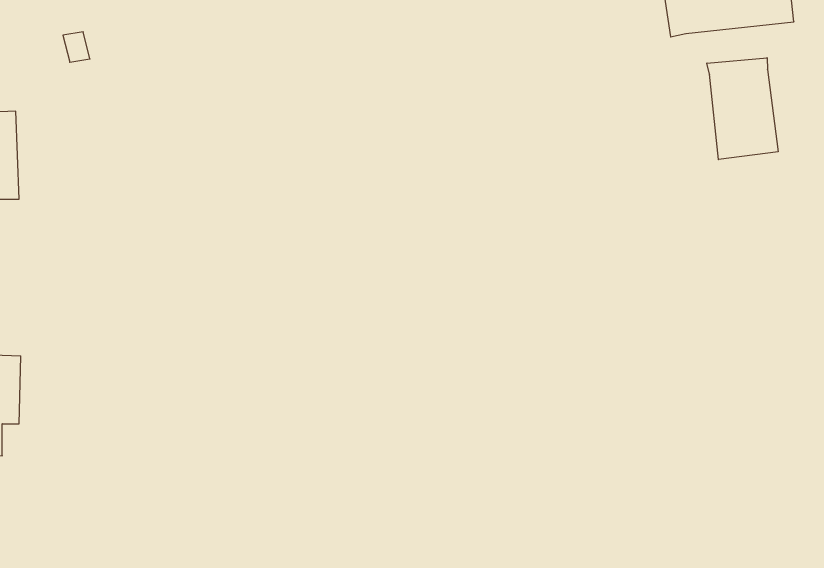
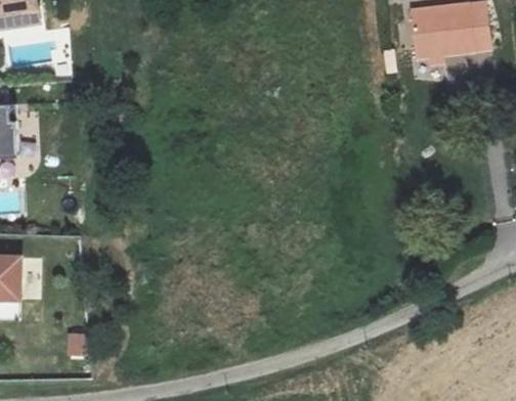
building: [707,58,778,160] -> none

